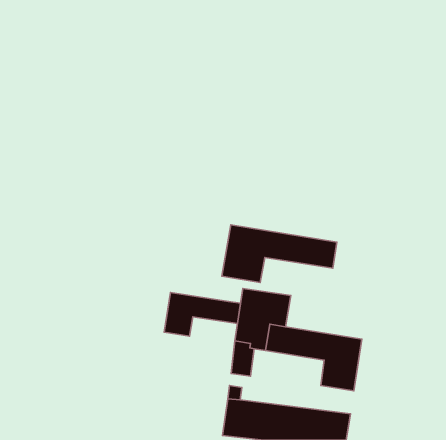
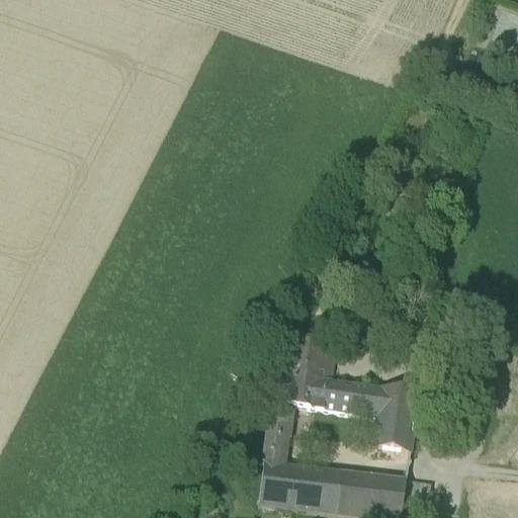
building: [222,225,337,282] -> none
building: [164,293,240,336] -> none

